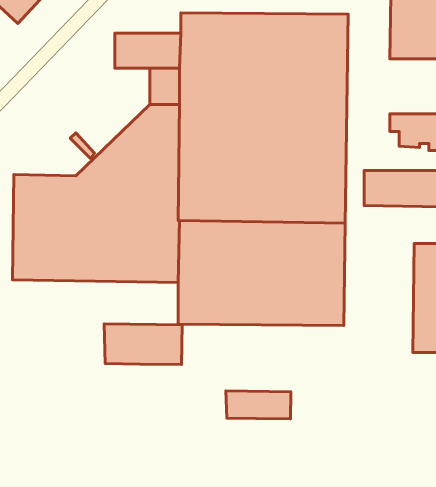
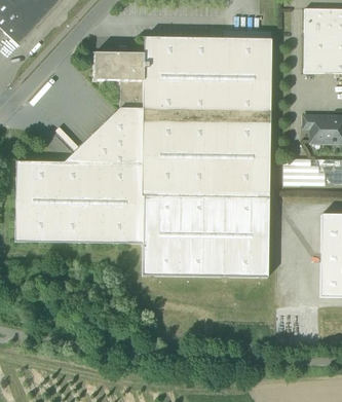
building: [104,324,182,365] -> none
building: [226,391,291,419] -> none

